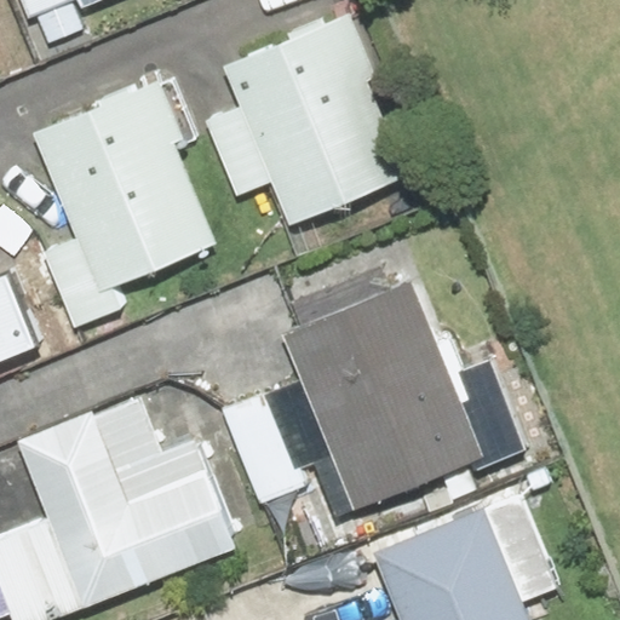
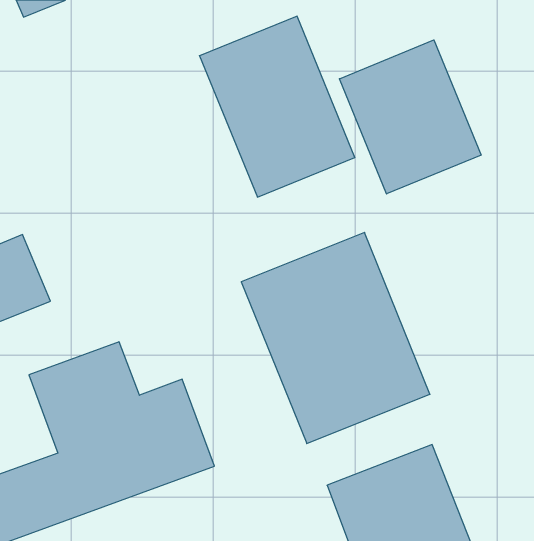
building: none -> [339,40,481,194]
building: [35,90,206,293] -> none

